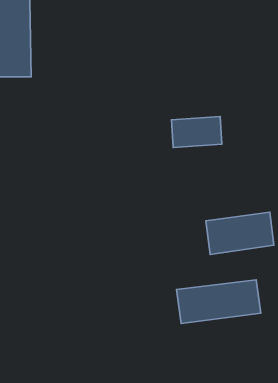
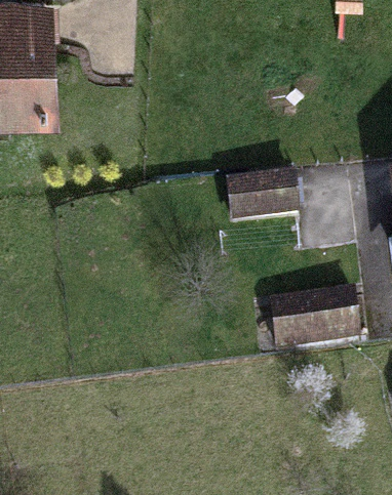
building: [177,280,261,323] -> none

